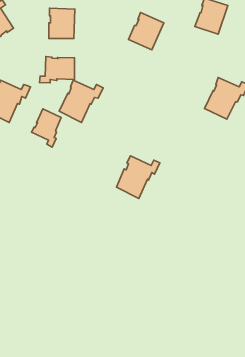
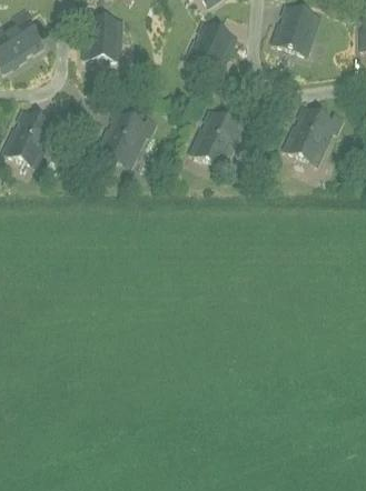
building: [40,56,75,83] -> none
building: [32,109,61,147] -> none
building: [117,156,160,198] -> [192,111,248,166]

